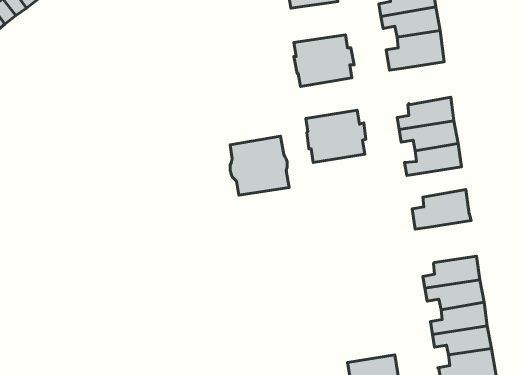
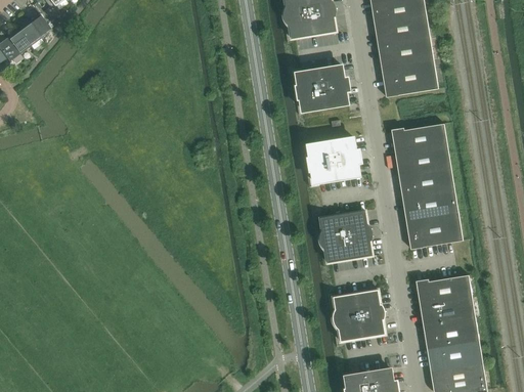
building: [230,136,289,195] -> [317,208,374,264]
building: none -> [401,189,457,218]
building: none -> [333,290,385,341]

